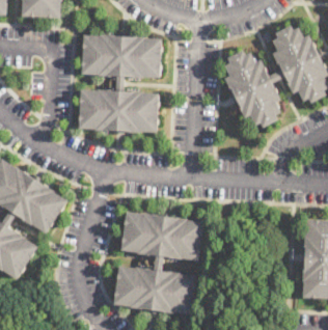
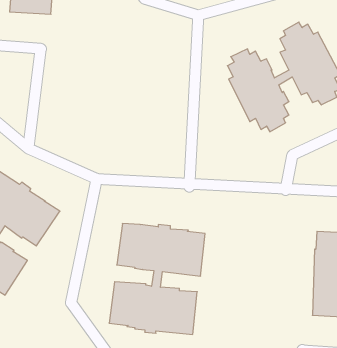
building: [79,33,161,134] -> none

